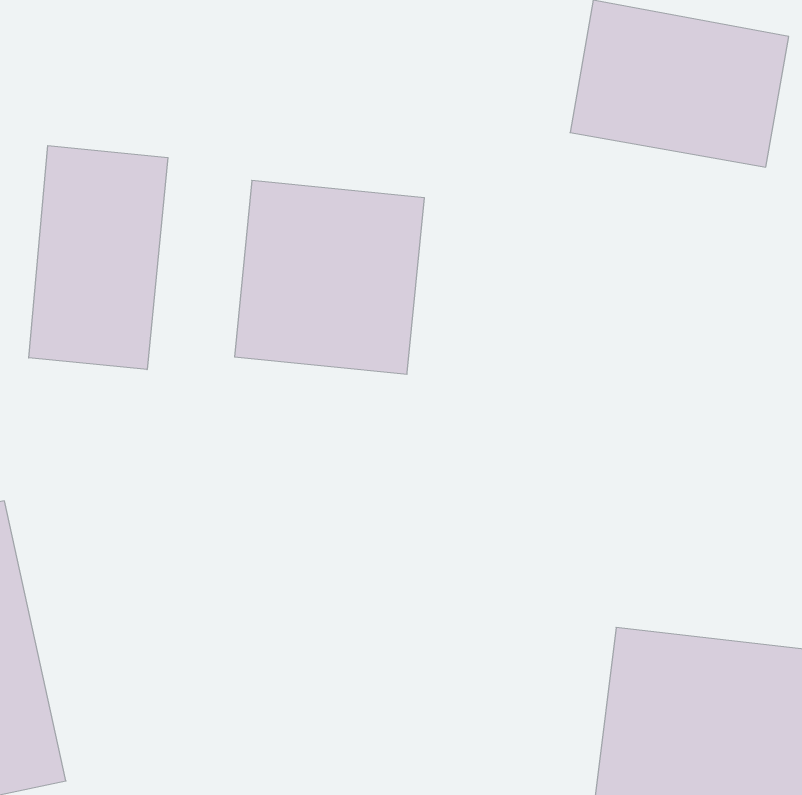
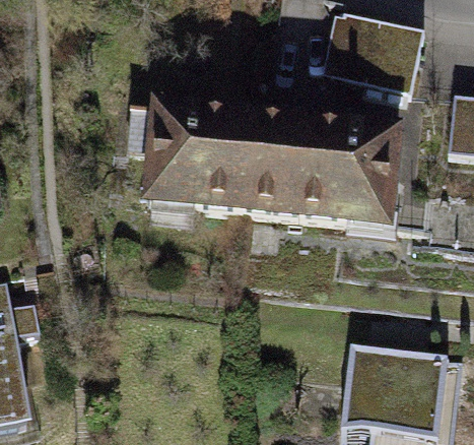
building: [29,146,168,370] -> none
building: none -> [239,119,391,226]

